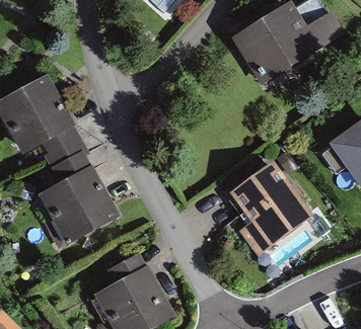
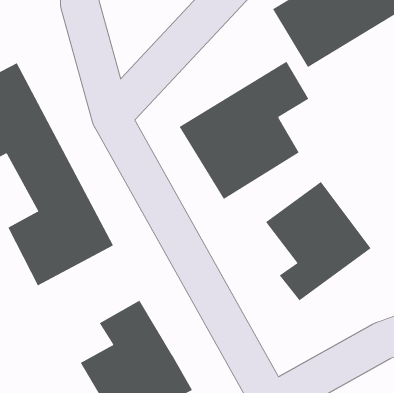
building: none -> [179,61,309,200]

